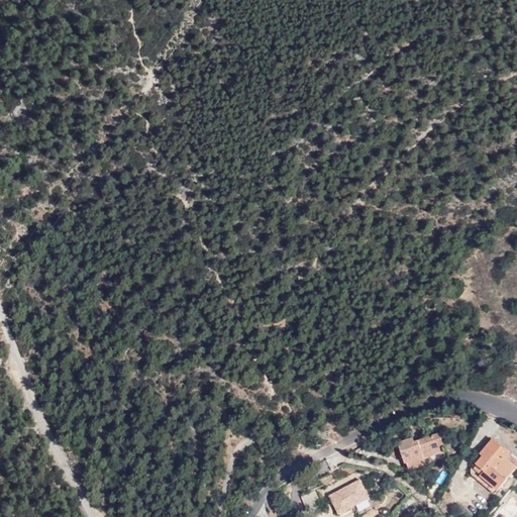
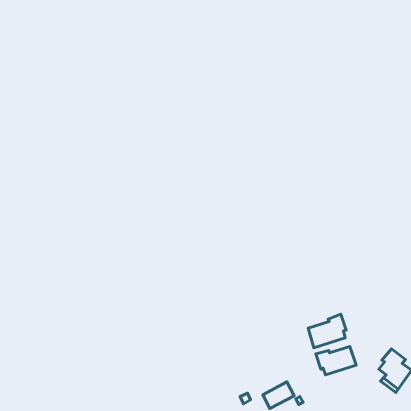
building: none -> [308,314,346,348]

